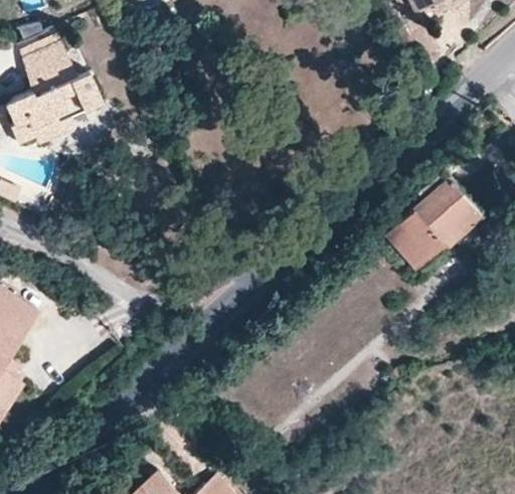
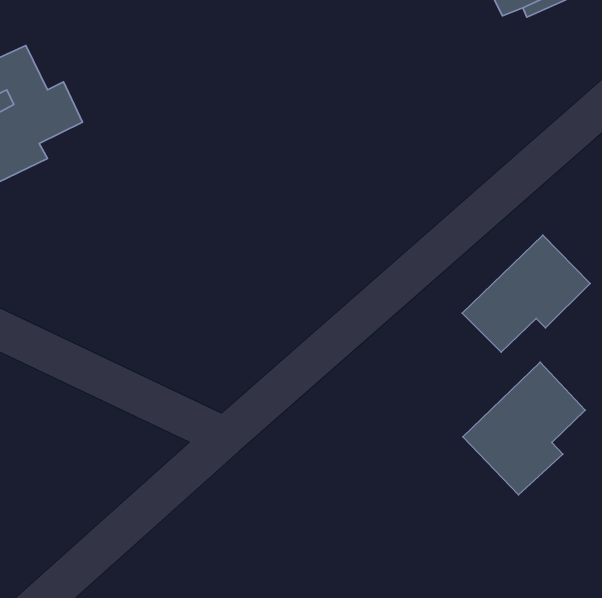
building: none -> [463,362,585,495]

